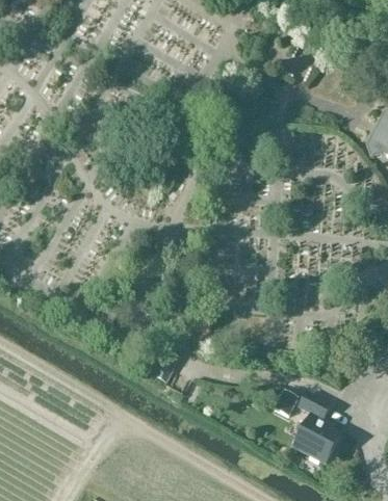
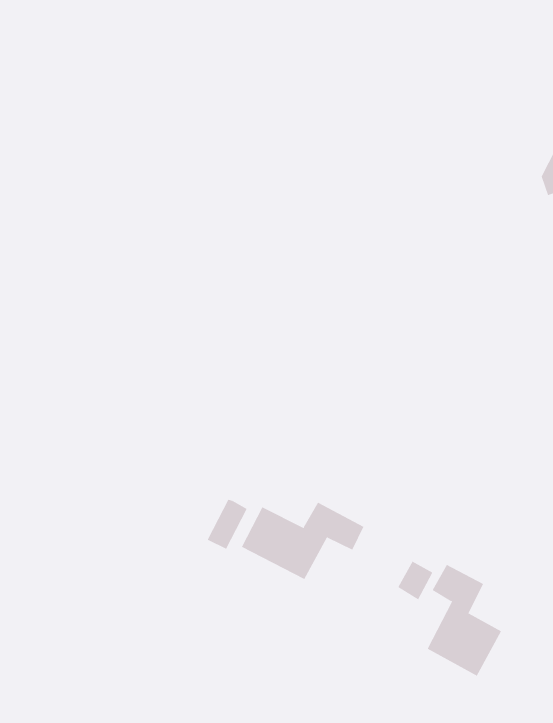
building: none -> [241,502,364,580]

